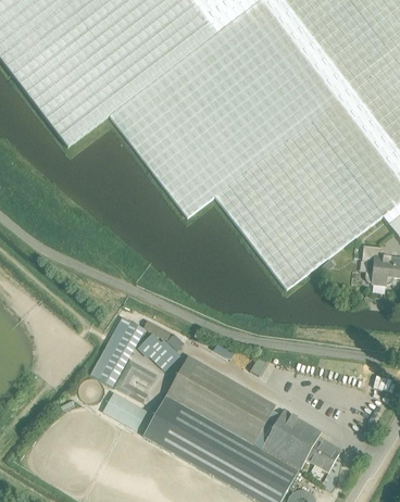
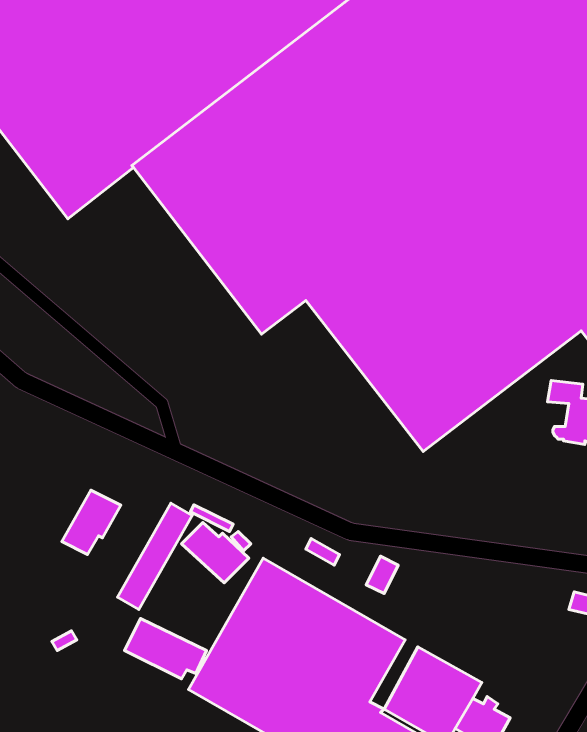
building: none -> [62,490,121,555]
building: [114,360,155,402] -> none

